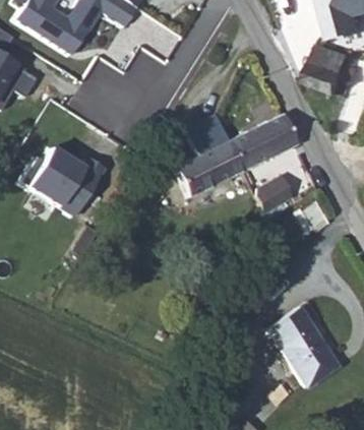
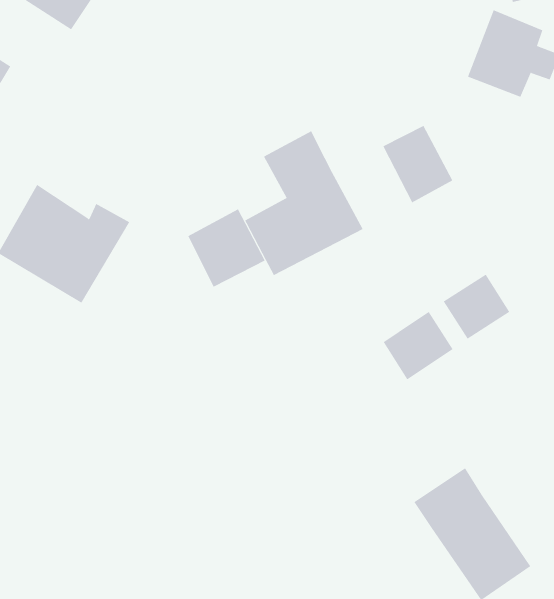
building: [227,122,274,171] -> none
building: none -> [188,209,266,287]
building: [255,174,297,214] -> [383,311,454,380]

